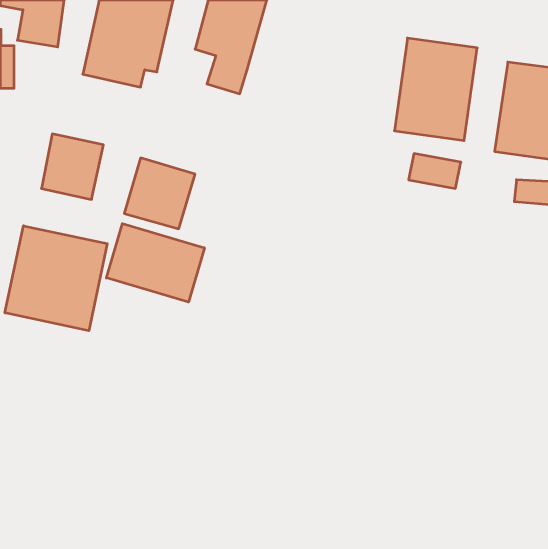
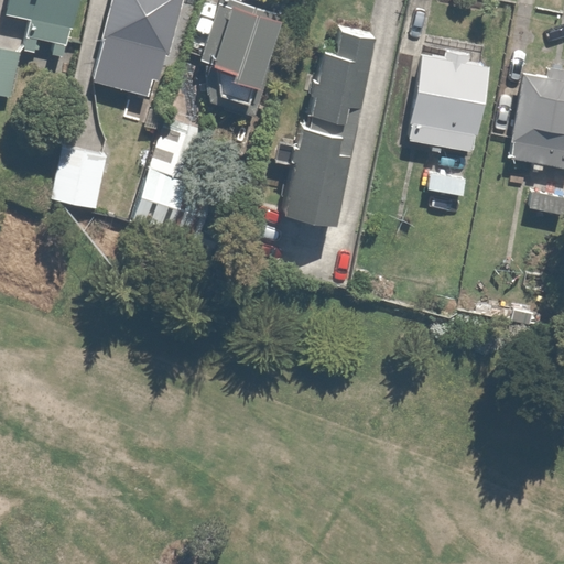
building: none -> [283,20,376,219]
building: [106,224,204,302] -> none
building: [5,226,107,331] -> none

